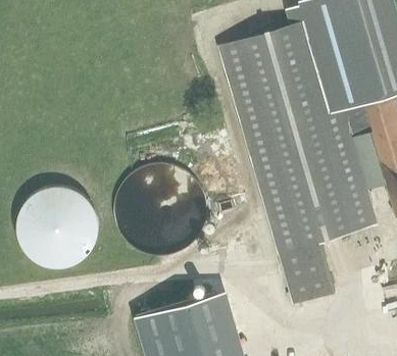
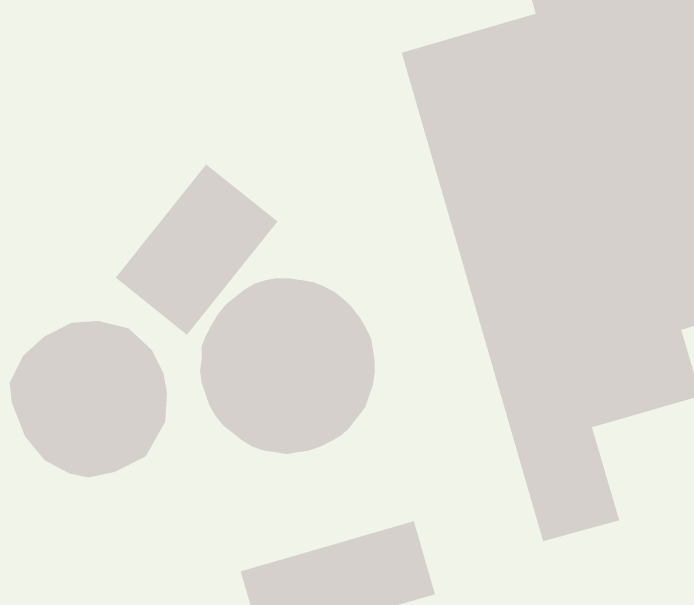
building: none -> [115,163,278,336]

